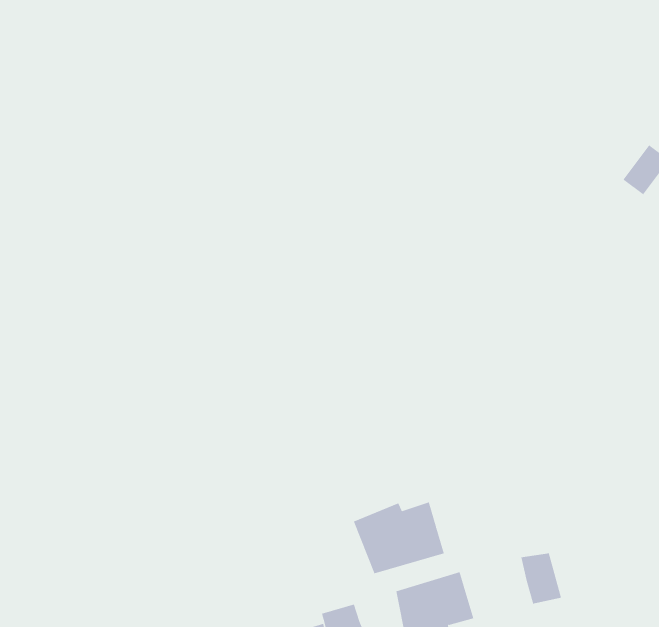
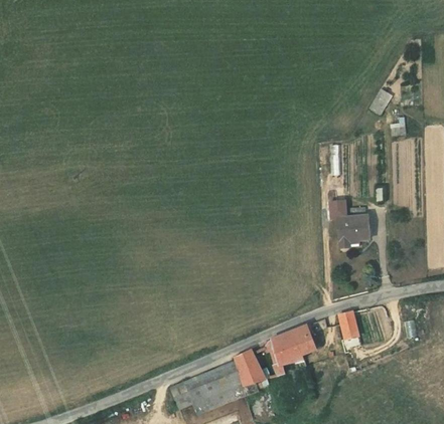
building: none -> [330,201,371,247]
building: [353,502,444,574] -> none

